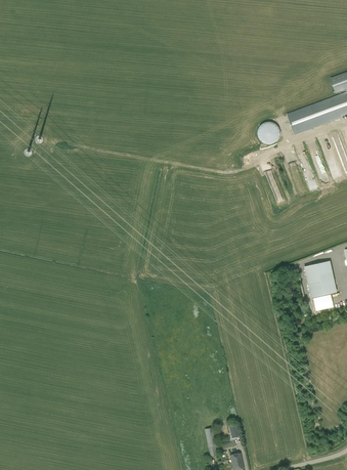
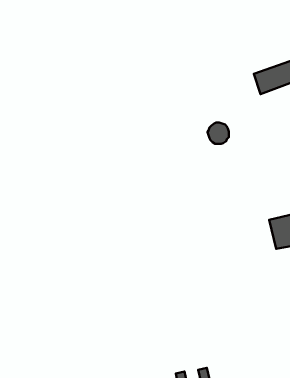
building: [257,121,279,143] -> [208,123,229,144]

